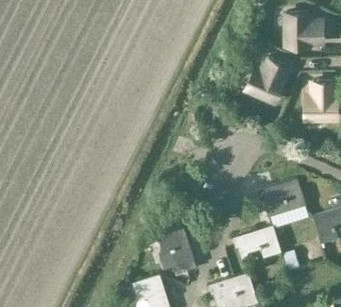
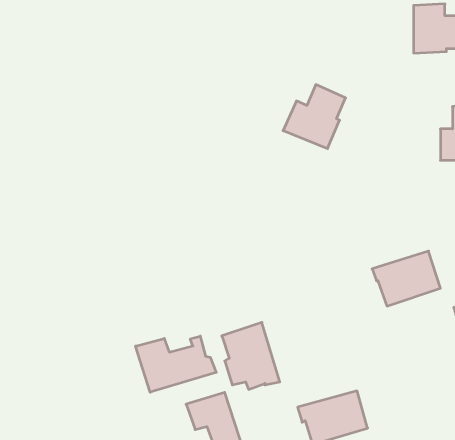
building: [246,57,288,100] -> [283,85,346,149]
building: [234,226,282,258] -> none
building: none -> [136,336,216,392]

